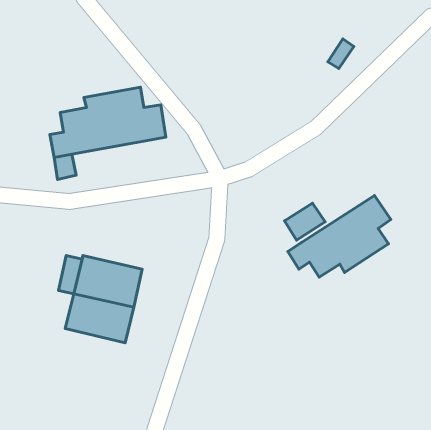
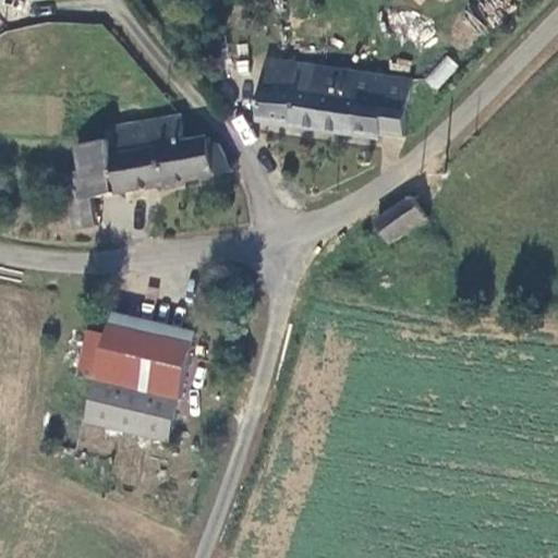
building: none -> [256,54,414,140]
building: [288,195,391,277] -> none
building: [285,203,325,240] -> [375,194,427,242]

